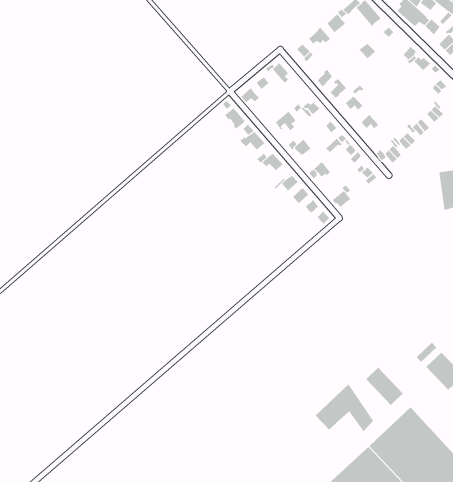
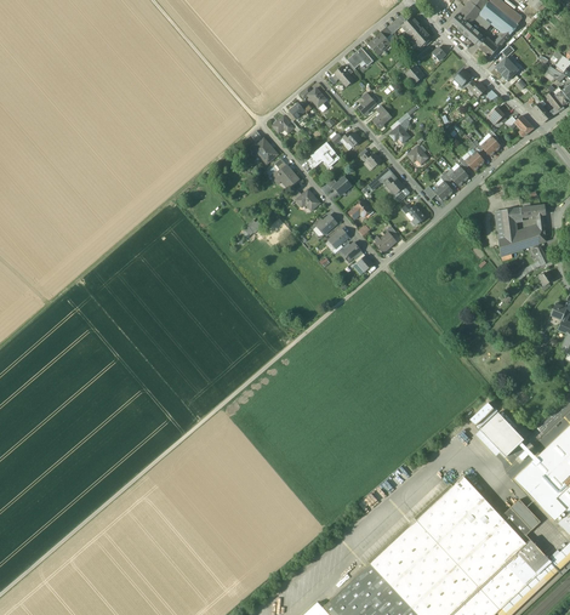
building: [366,367,403,406] -> none
building: [315,383,374,432] -> none

